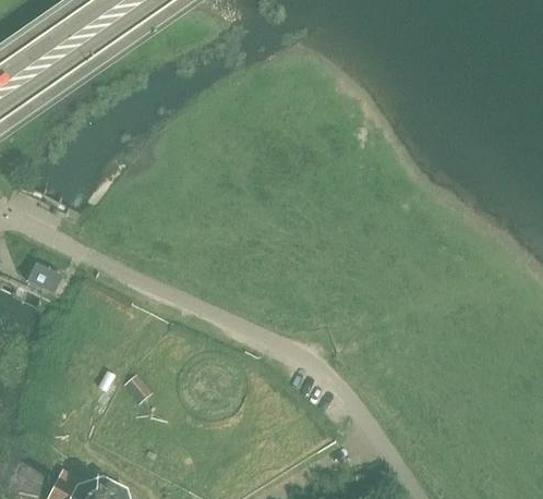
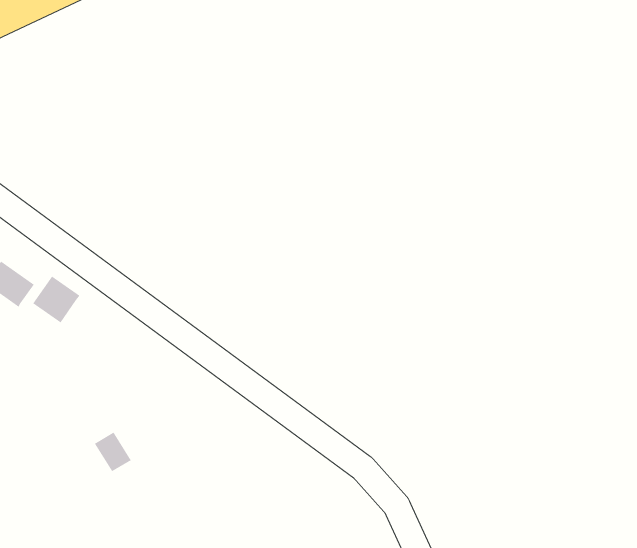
building: none -> [32,276,81,324]

